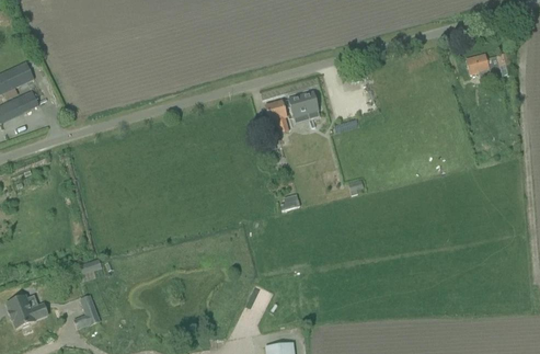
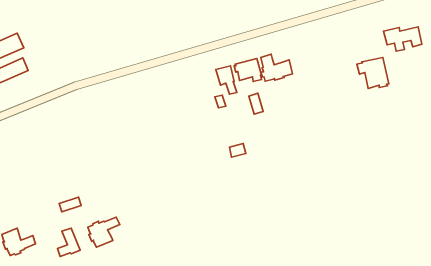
building: none -> [261,54,293,81]
building: none -> [357,57,389,88]
building: none -> [88,217,120,247]

